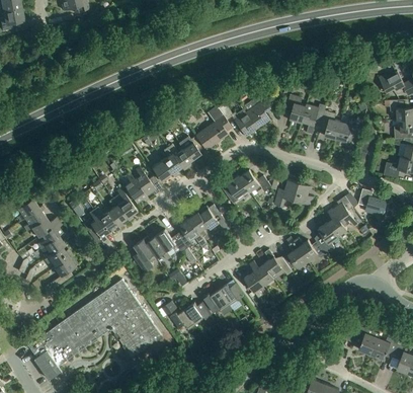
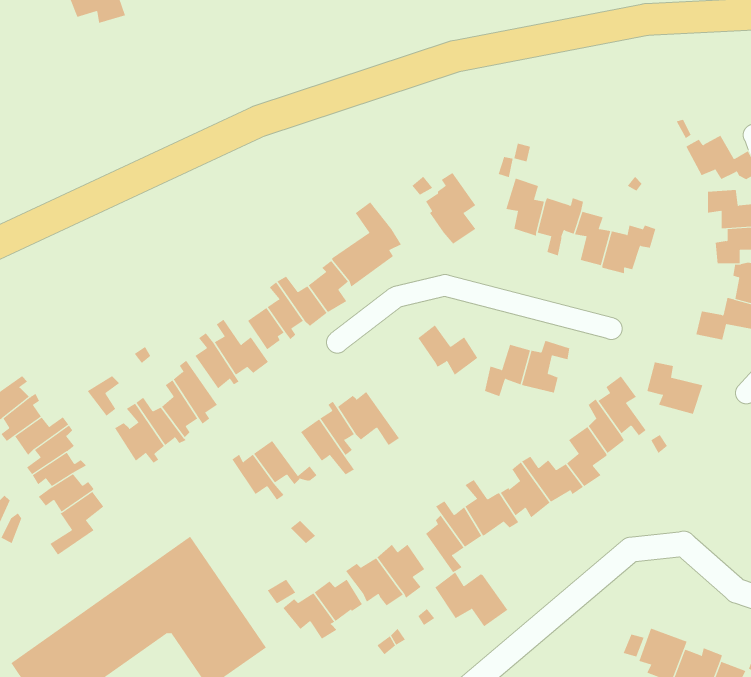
building: [215,102,257,137] -> none
building: [221,174,248,204] -> none
building: [132,239,155,271] -> none
building: none -> [434,572,508,627]

